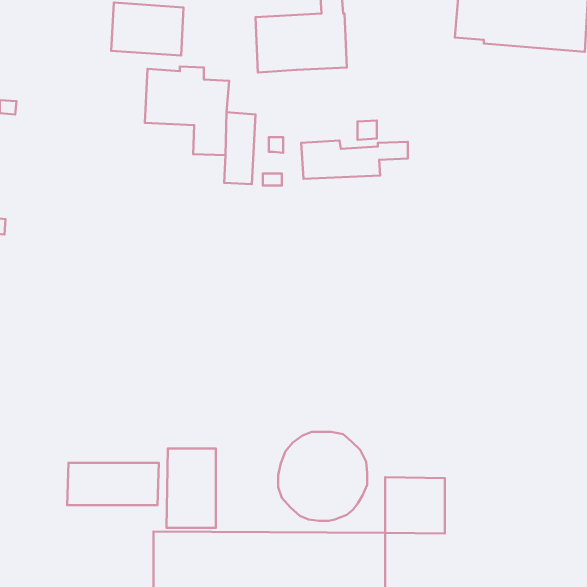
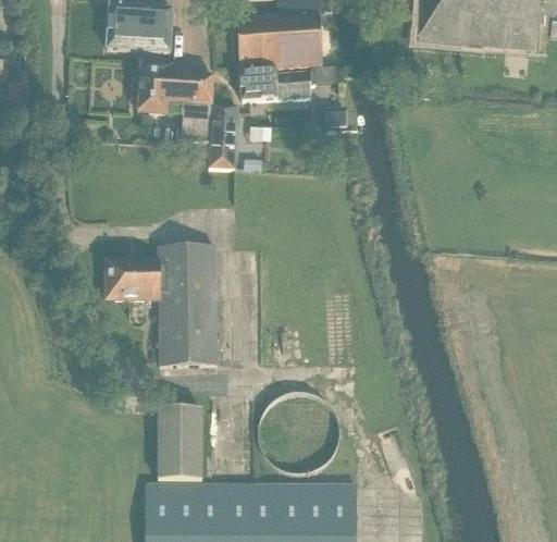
building: [301,141,408,179] -> [239,66,336,101]
building: none -> [108,247,218,366]
building: [67,463,159,505] -> none
building: [385,477,445,534] -> none

